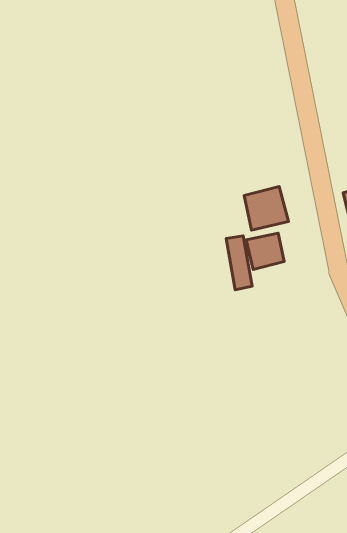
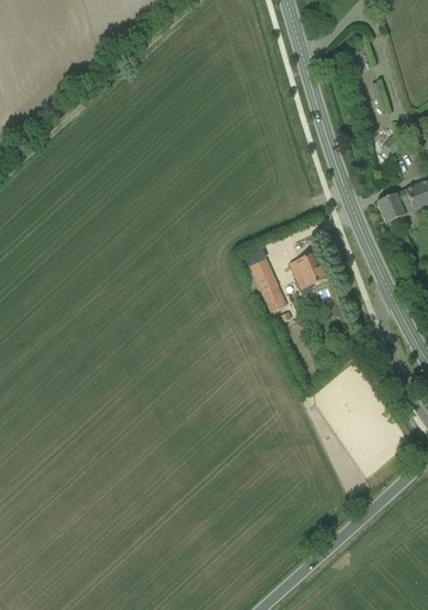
building: [244,186,288,230] -> none

